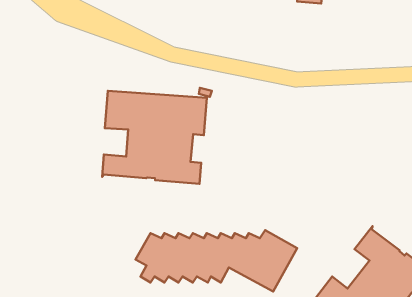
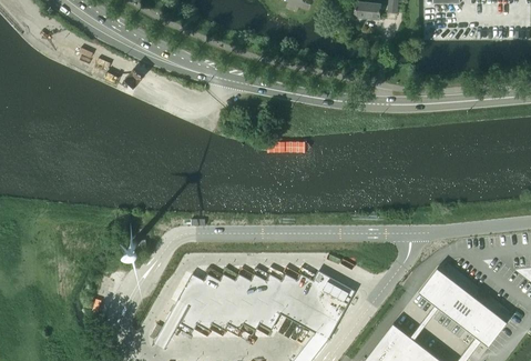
building: [102,91,207,184] -> none

